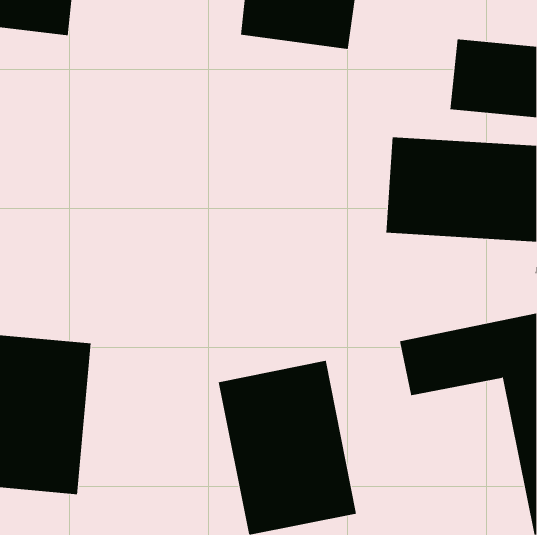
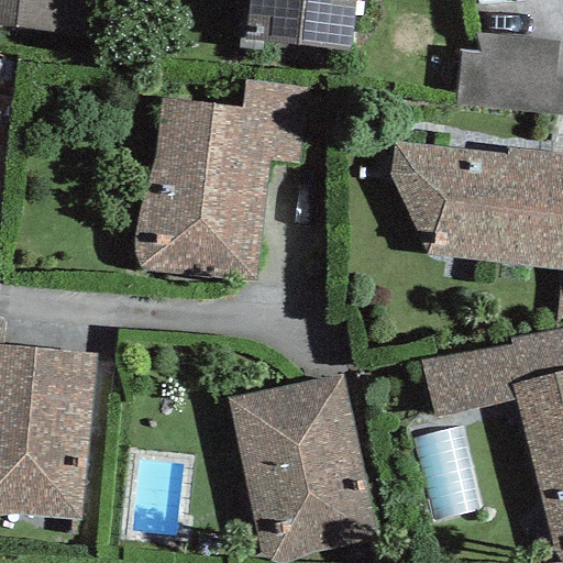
building: none -> [143,82,303,271]

